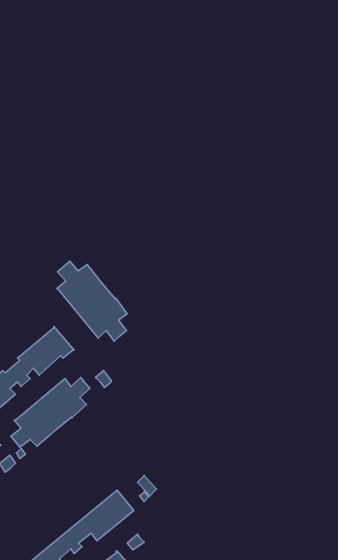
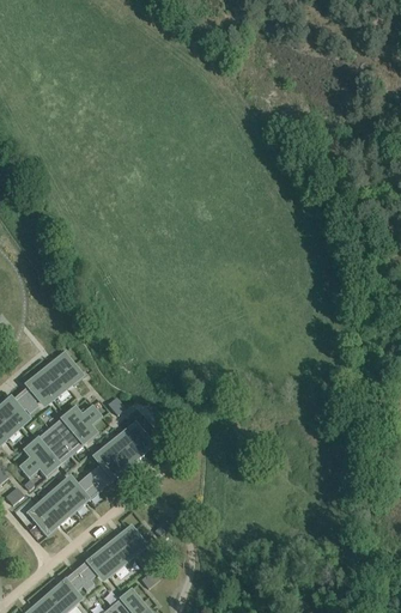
building: [57,261,127,341] -> none
building: none -> [26,419,156,535]

